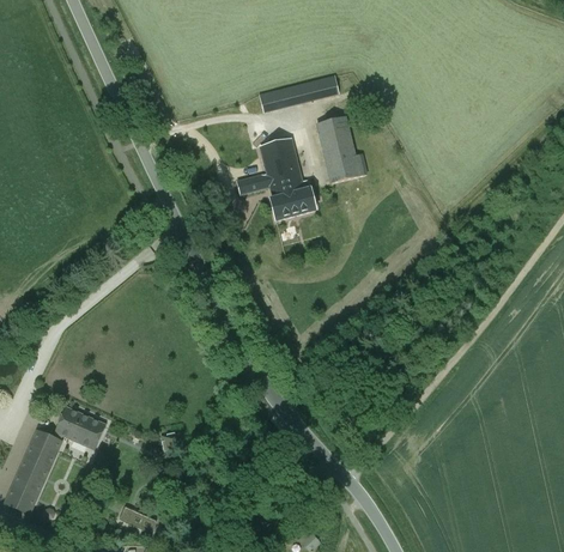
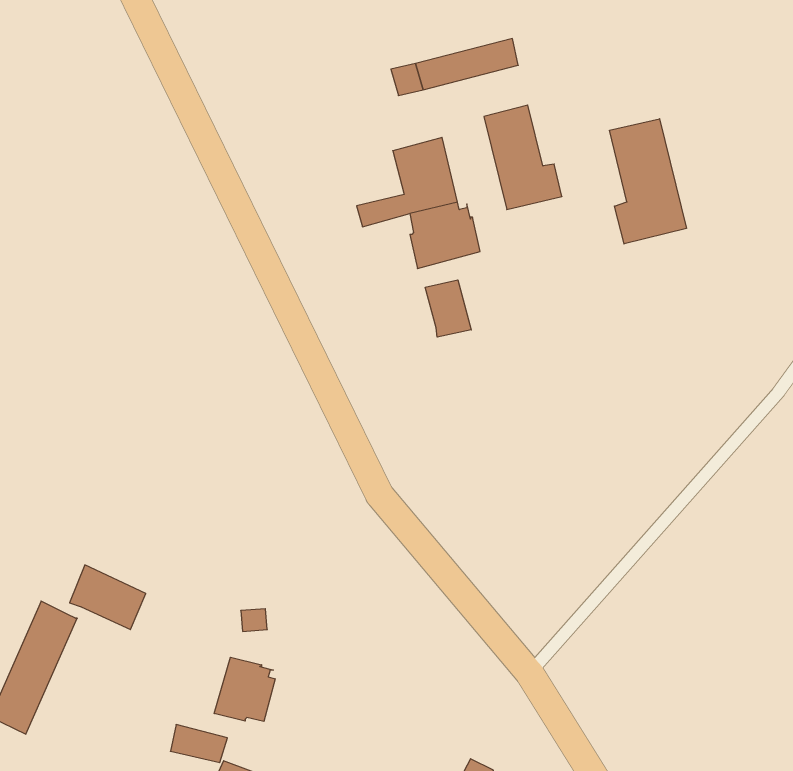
building: none -> [610,119,686,244]
building: none -> [425,280,471,337]
building: none -> [214,657,275,721]

